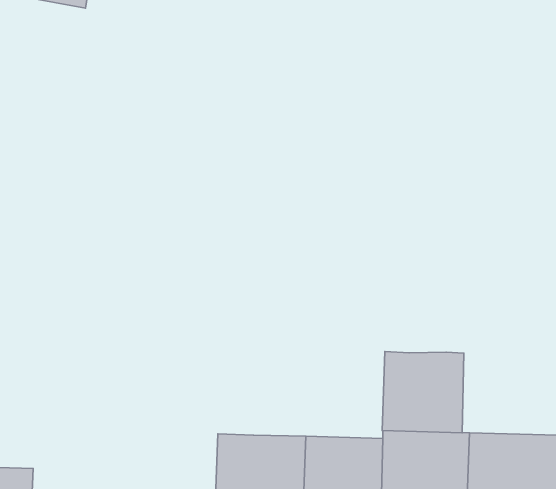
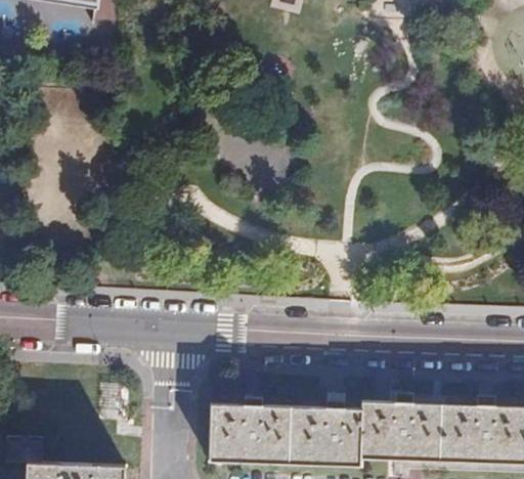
building: [382,351,464,433] -> none

